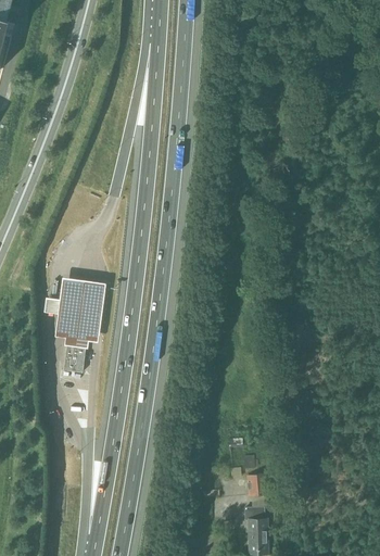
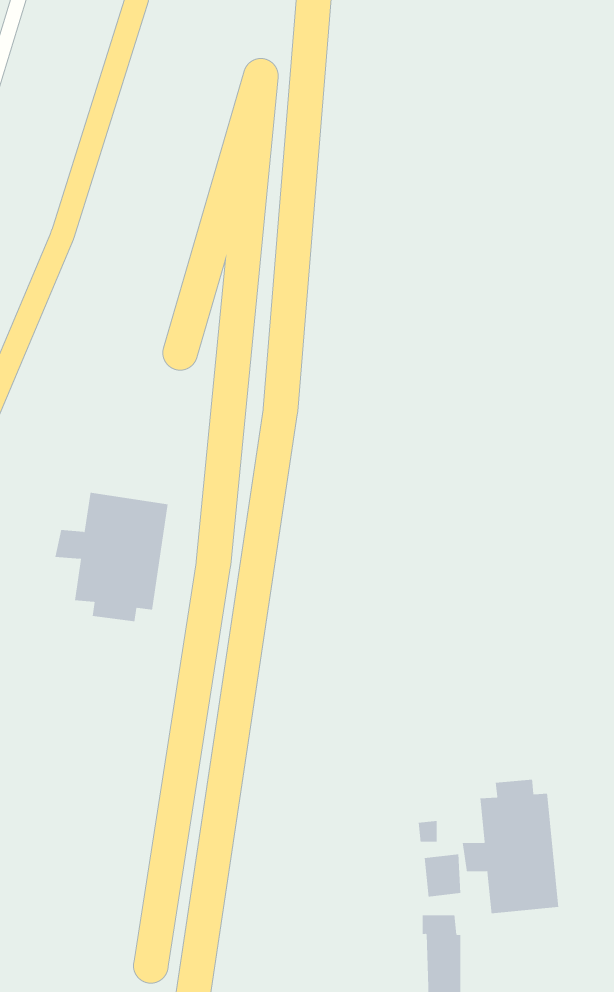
building: [64,349,87,376] -> none
building: none -> [462,779,559,914]

